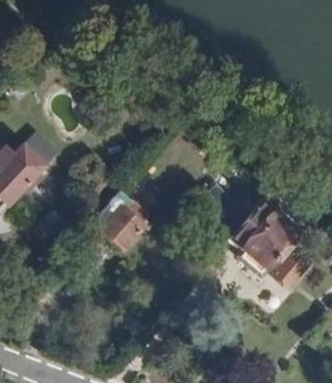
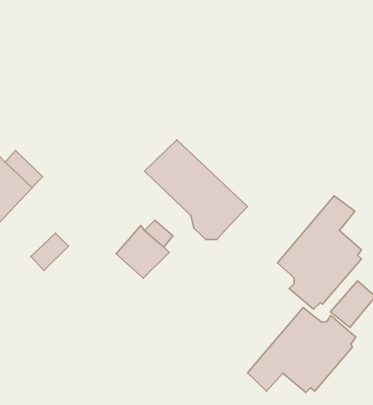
building: none -> [145,140,248,240]
building: none -> [247,308,356,392]

